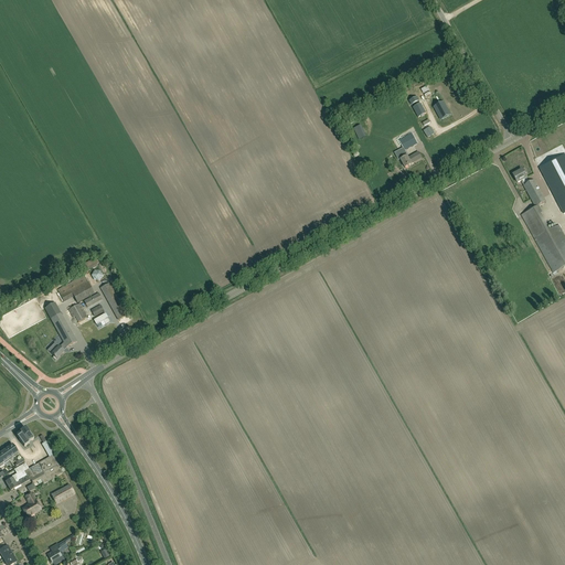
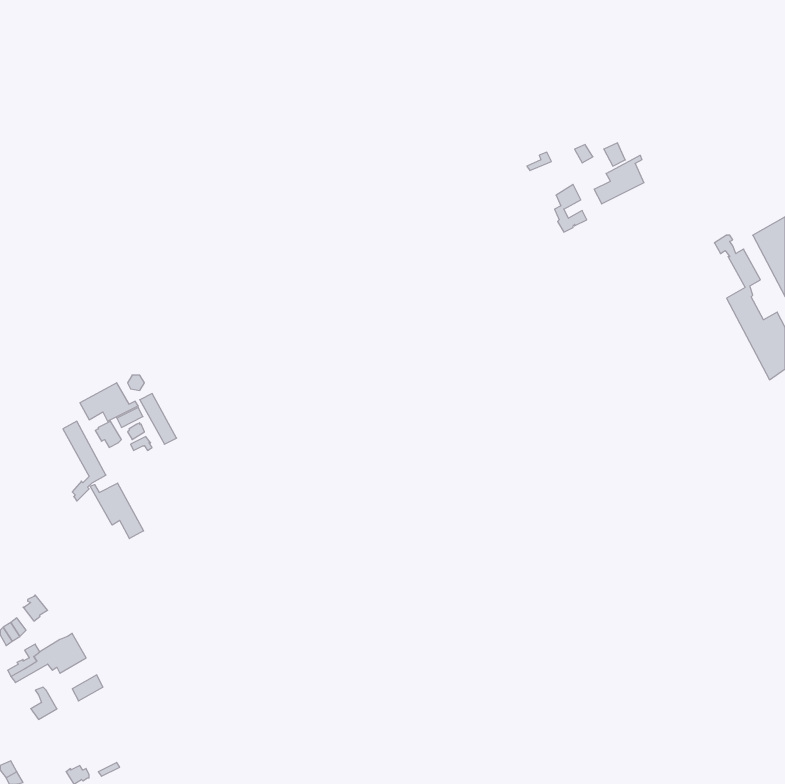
building: none -> [594,155,644,204]
building: none -> [90,483,144,539]

